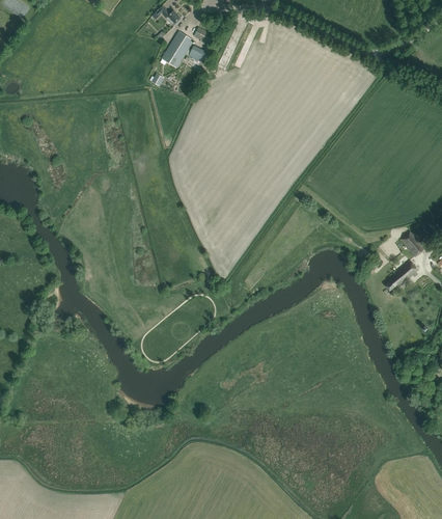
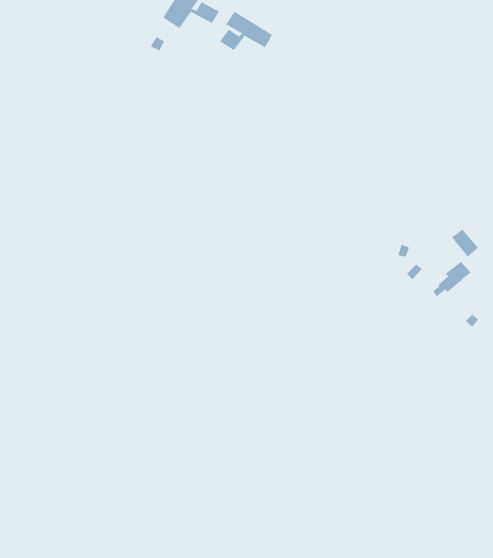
building: none -> [219,11,273,51]

